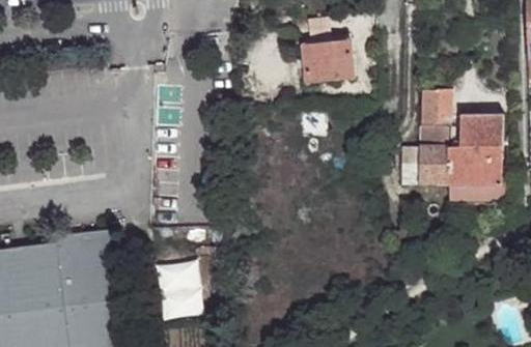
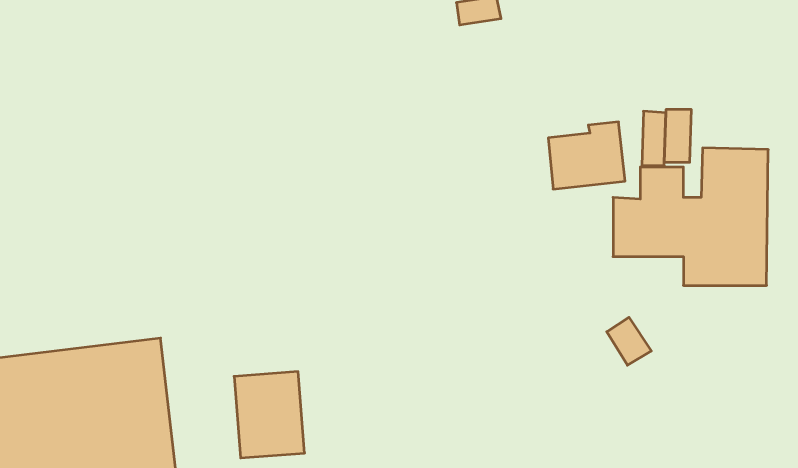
building: [303,39,353,83] -> [548,122,625,189]

